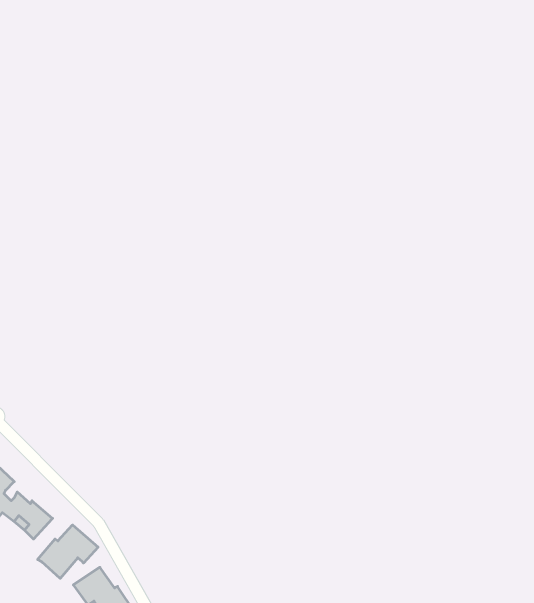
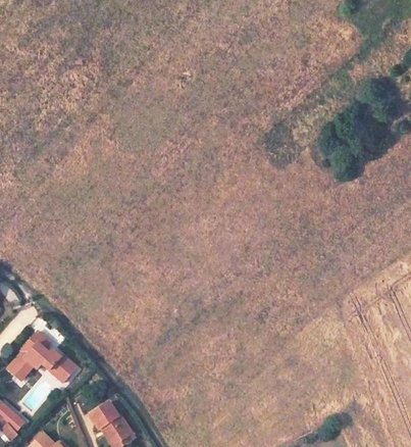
building: [38,525,98,578] -> none

